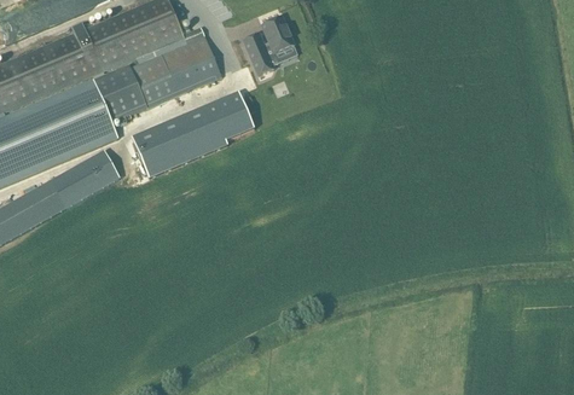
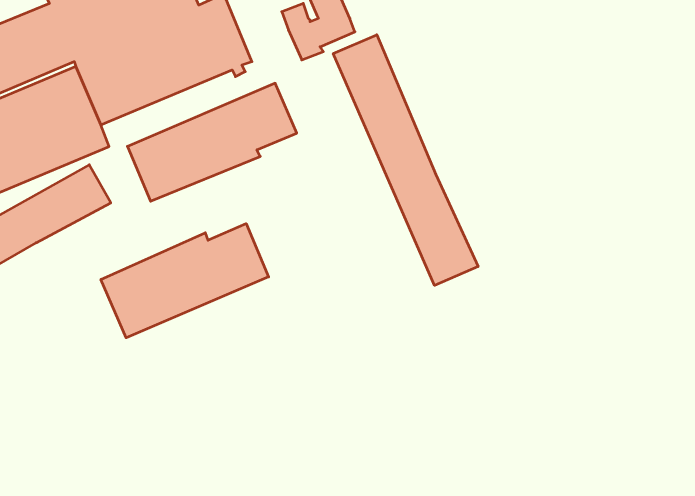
building: none -> [333,35,478,285]
building: none -> [101,224,269,338]

